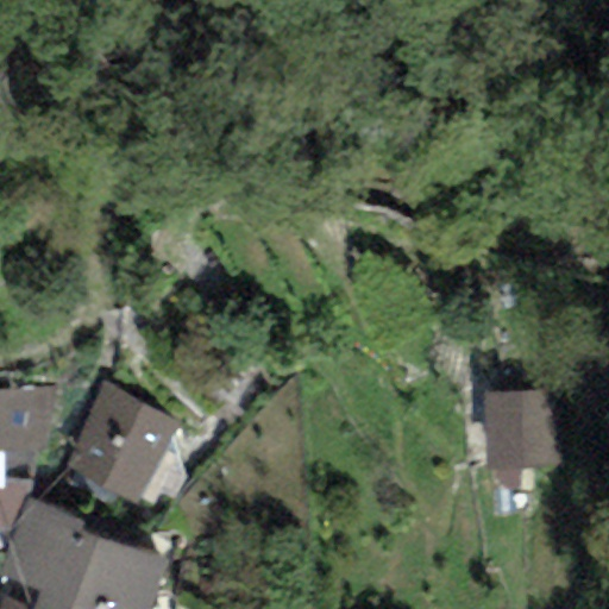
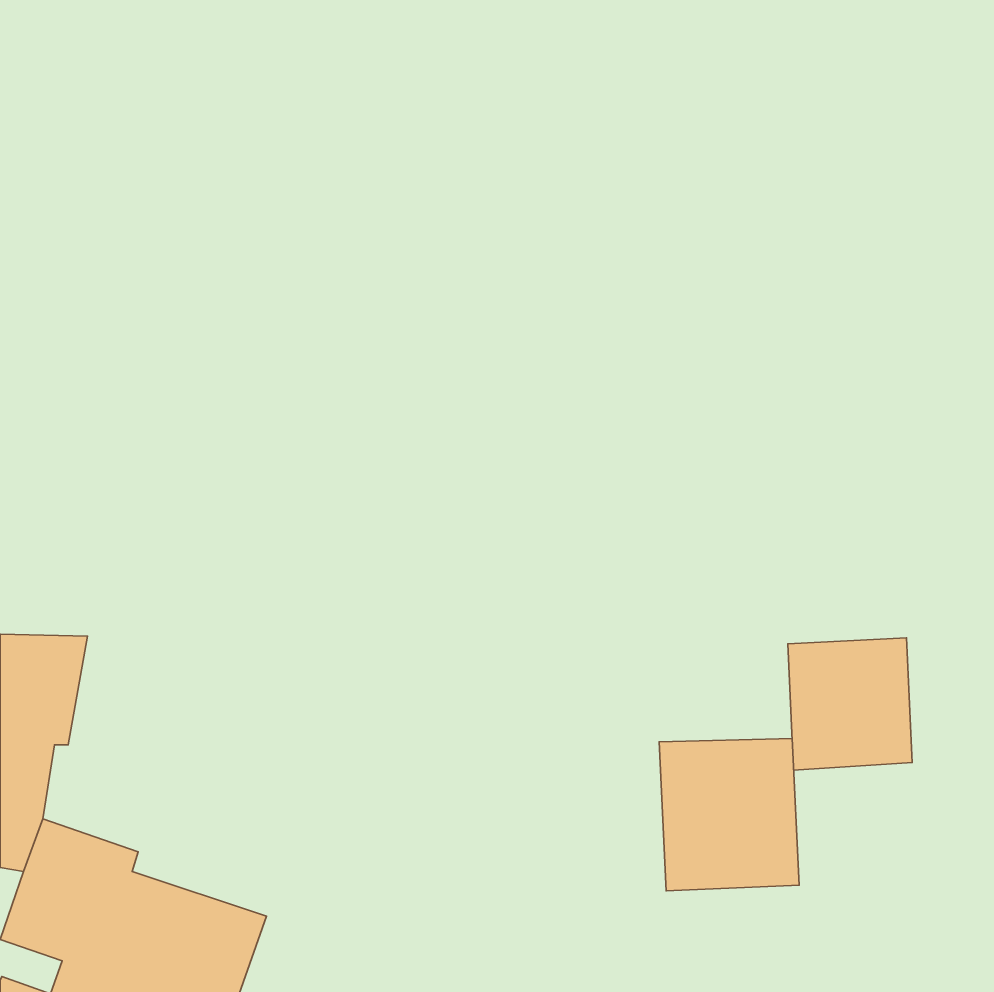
building: [61,384,180,507] -> none
building: none -> [659,738,799,891]

